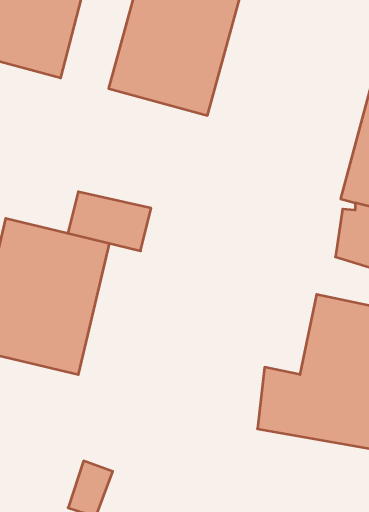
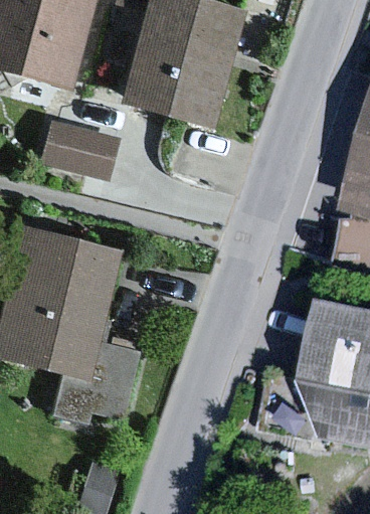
building: [68,192,151,251] -> [37,120,118,177]
building: none -> [78,339,140,419]

